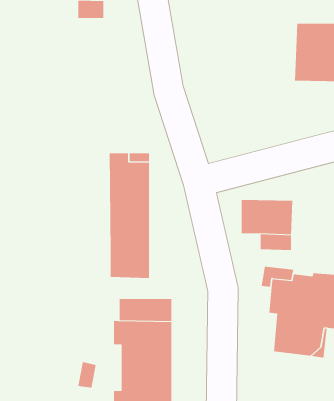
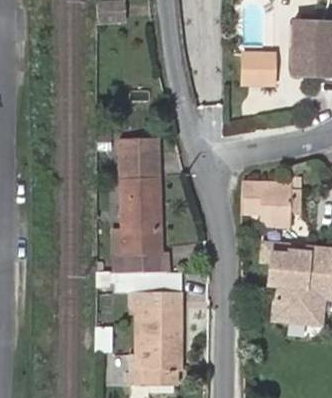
building: none -> [243,52,274,83]
building: none -> [115,228,170,270]

